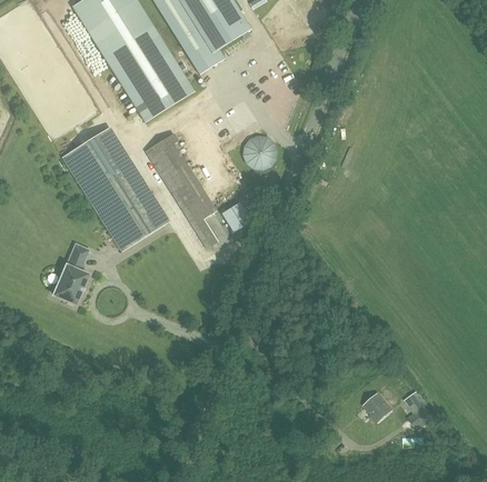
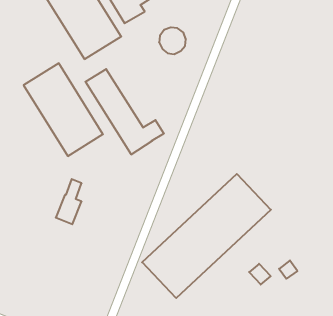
building: [241,134,277,170] -> [159,27,186,54]
building: [53,243,88,303] -> [56,179,82,224]
building: none -> [142,174,271,298]

